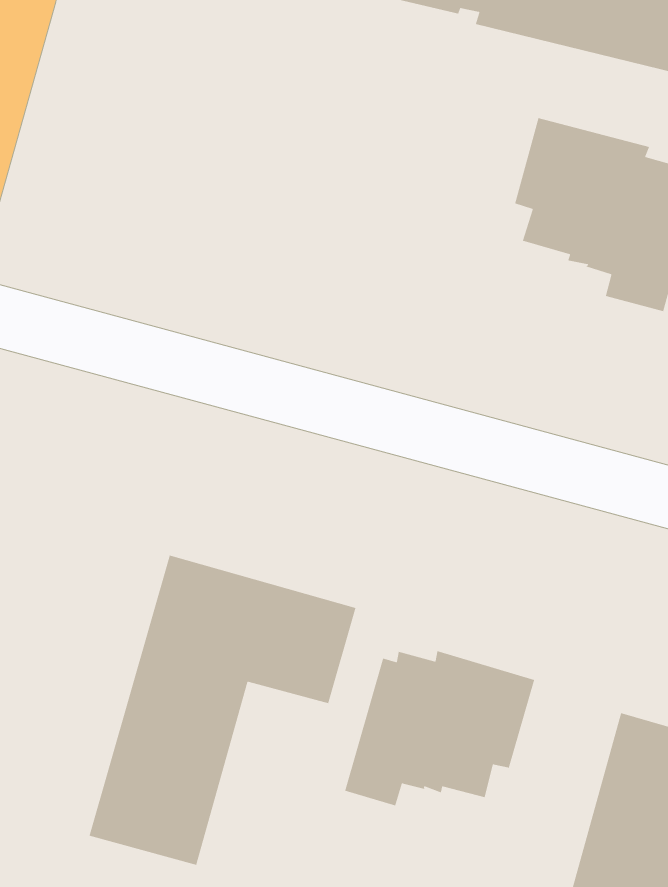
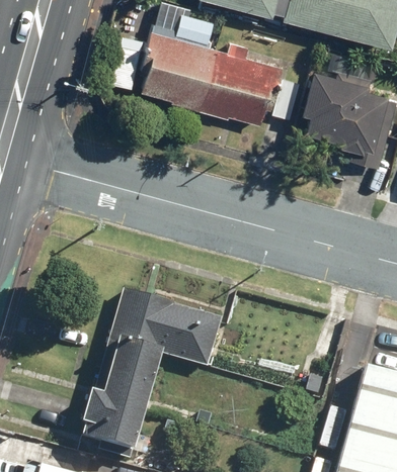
building: none -> [135,13,284,123]
building: [344,650,535,806] -> none

